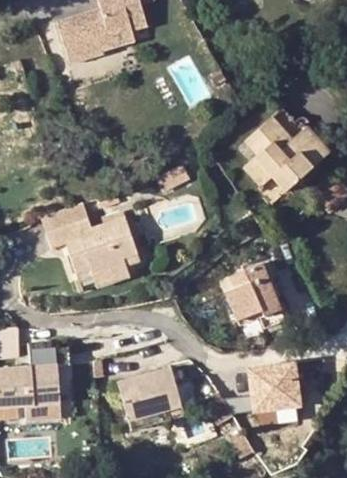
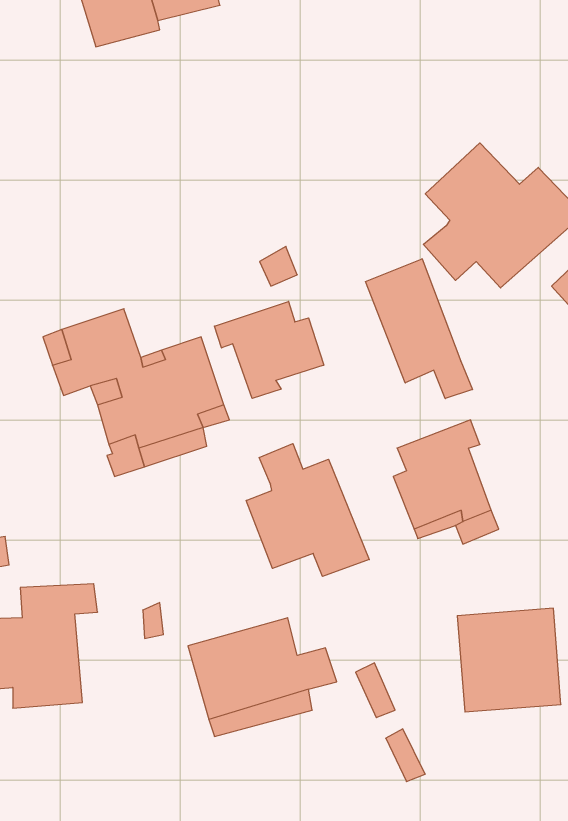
building: none -> [365,259,472,399]
building: none -> [214,301,324,398]
building: none -> [246,444,369,576]

